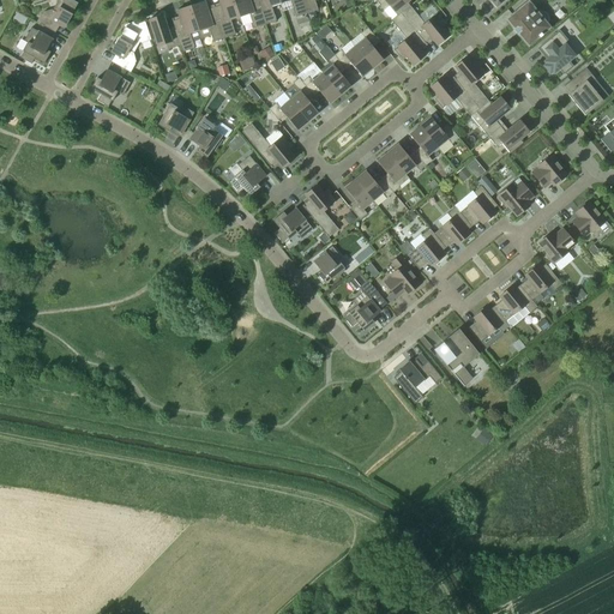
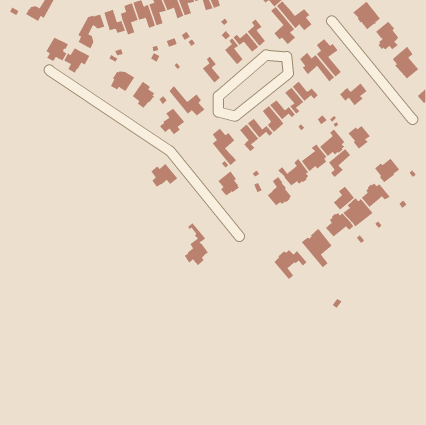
building: [19,26,53,62] -> [45,37,69,62]
building: [302,72,341,102] -> none
building: [478,96,510,136] -> none
building: [269,98,308,130] -> none
building: [531,152,567,186] -> none
building: [572,200,607,235] -> none
building: [273,206,313,241] -> [151,163,178,187]
building: none -> [328,148,351,178]
building: none -> [333,186,355,211]
building: [344,267,380,330] -> [184,223,209,266]

